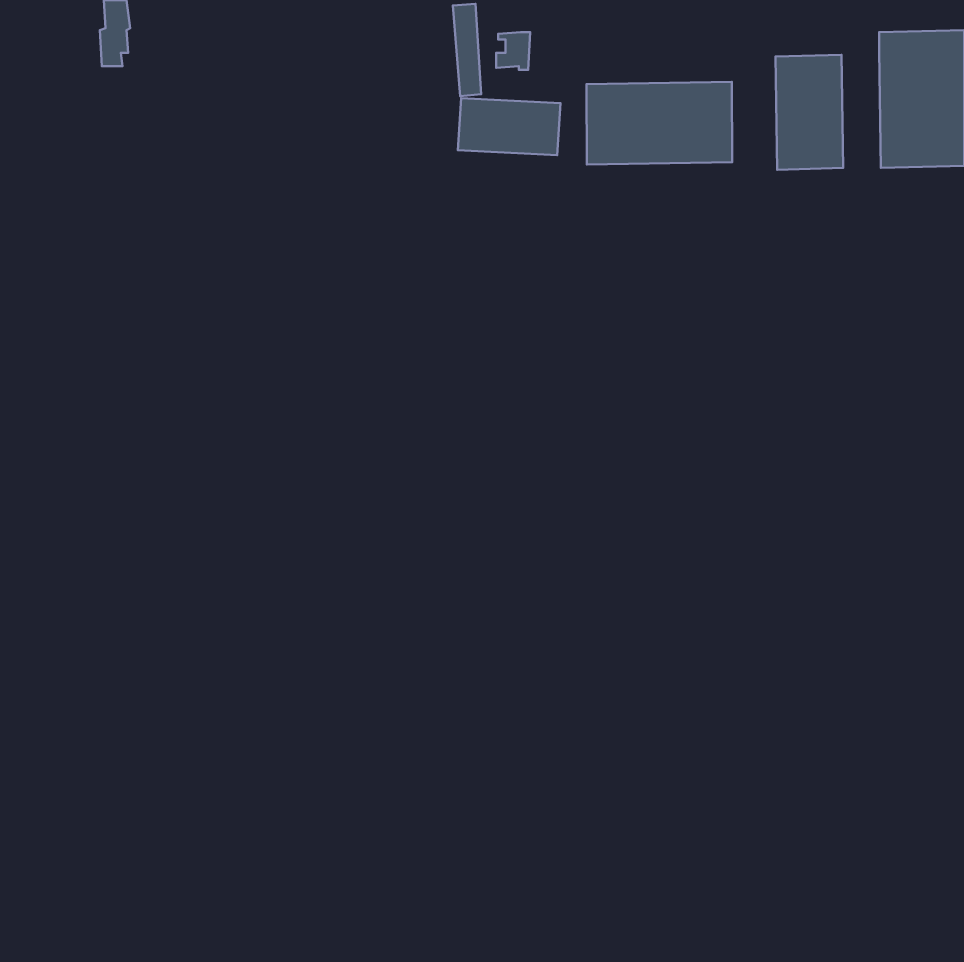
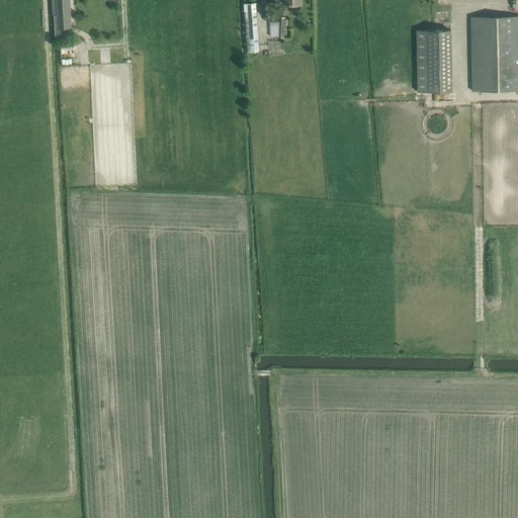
building: [587,82,732,165] -> none
building: [458,98,561,155] -> none

